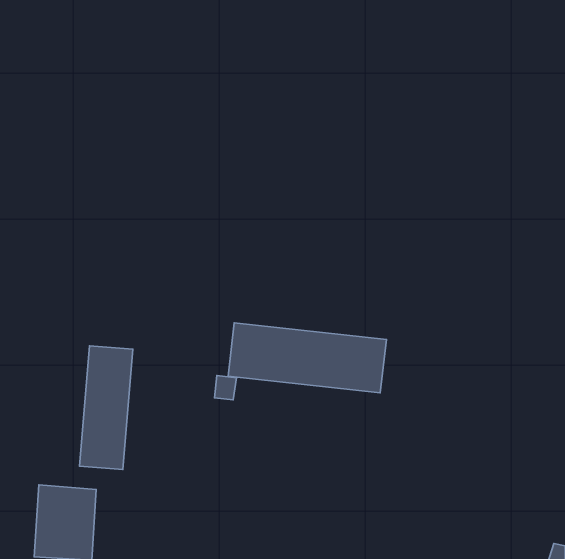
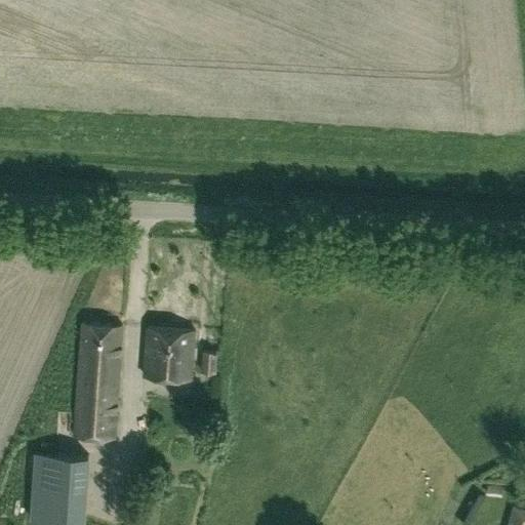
building: [228,323,387,393] -> none
building: none -> [144,329,195,382]

